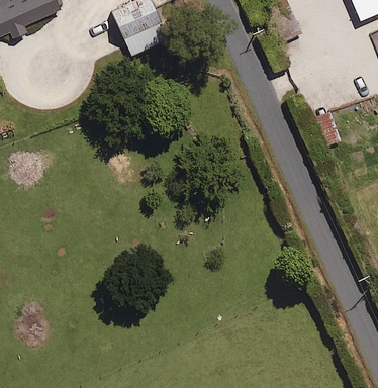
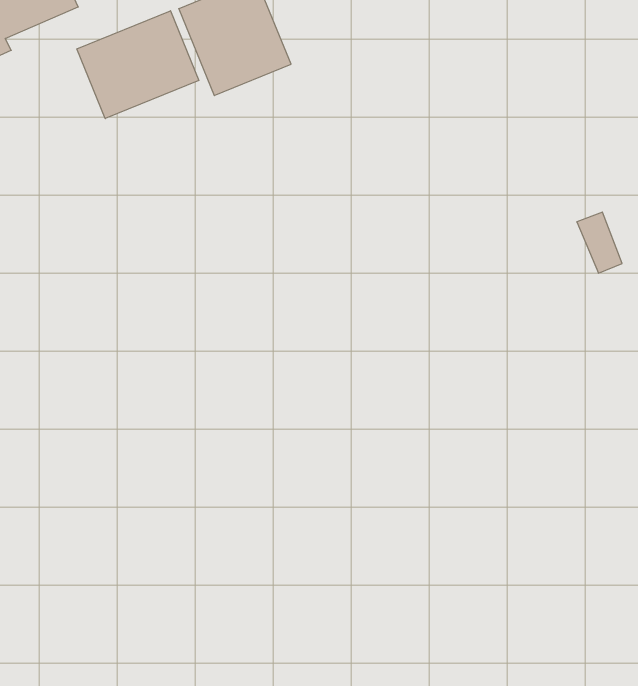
building: none -> [77,11,199,119]

